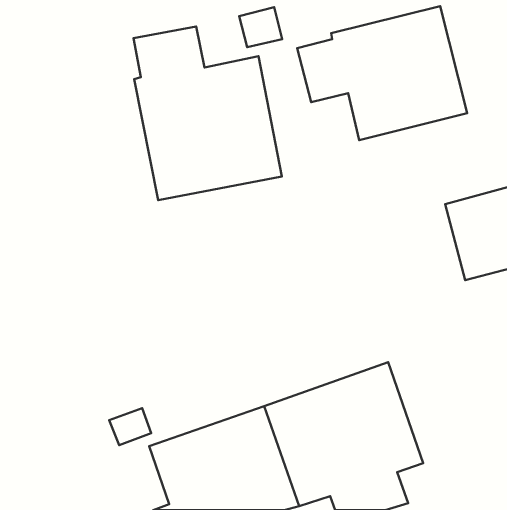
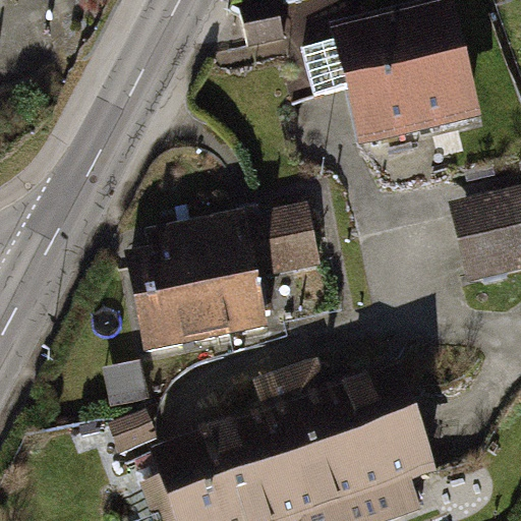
building: [133,27,282,200] -> none
building: none -> [127,204,320,352]

